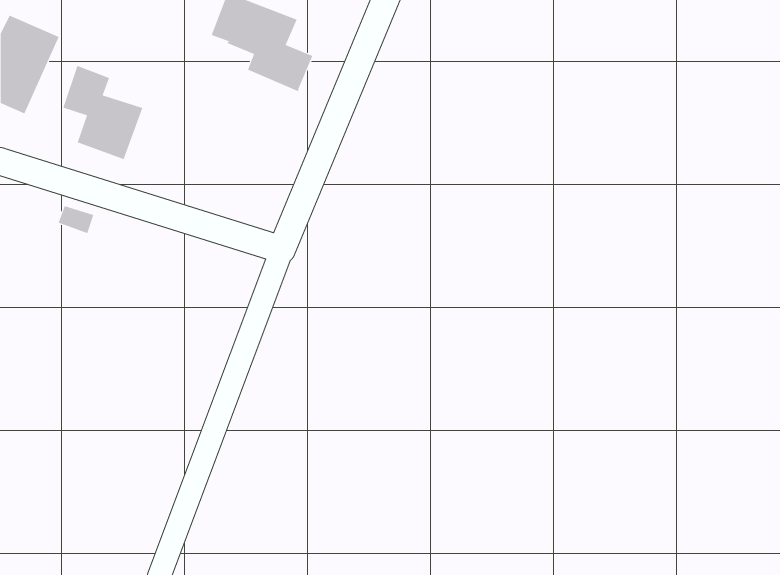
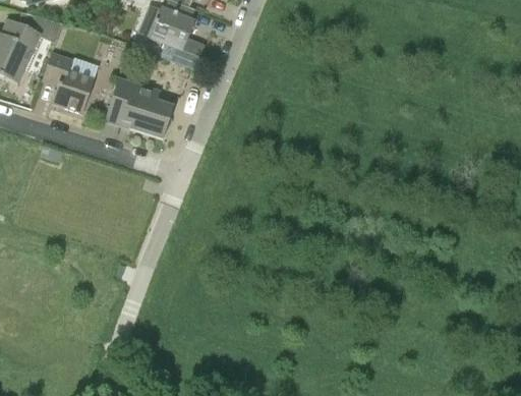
building: none -> [105,75,174,137]

